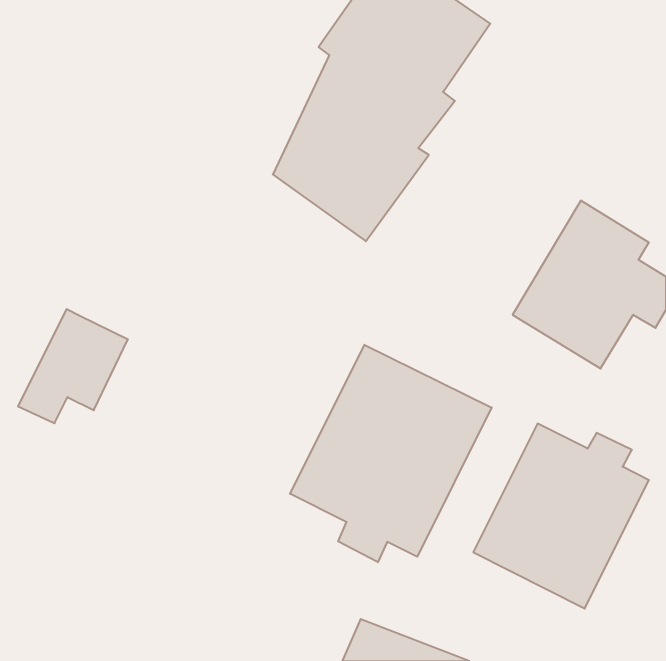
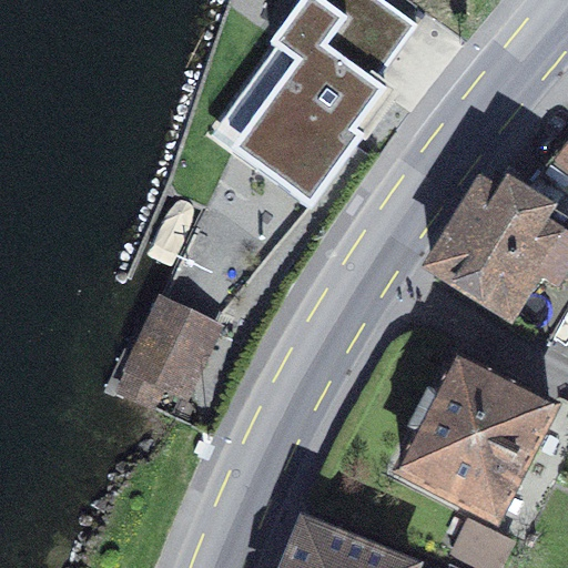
building: [18,309,128,423] -> [120,301,213,397]
building: [290,345,492,562] -> none

